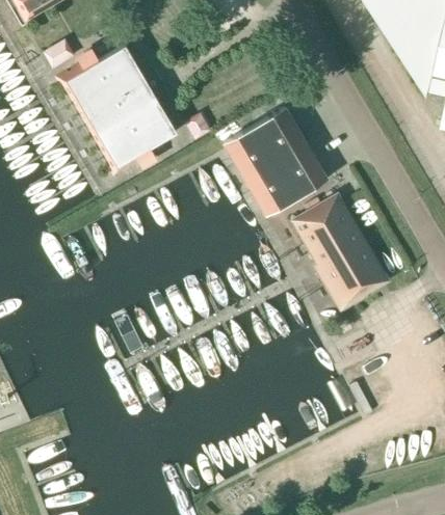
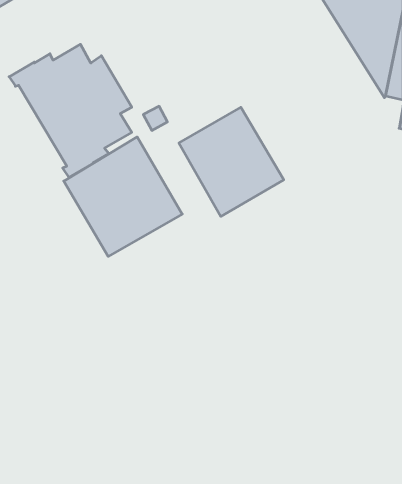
building: none -> [64,137,182,256]
building: [292,194,386,305] -> none

